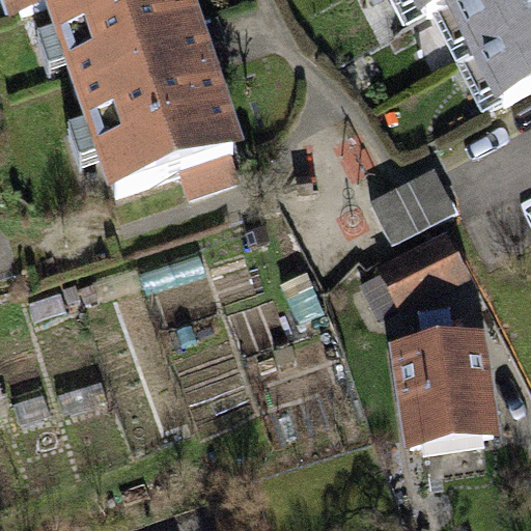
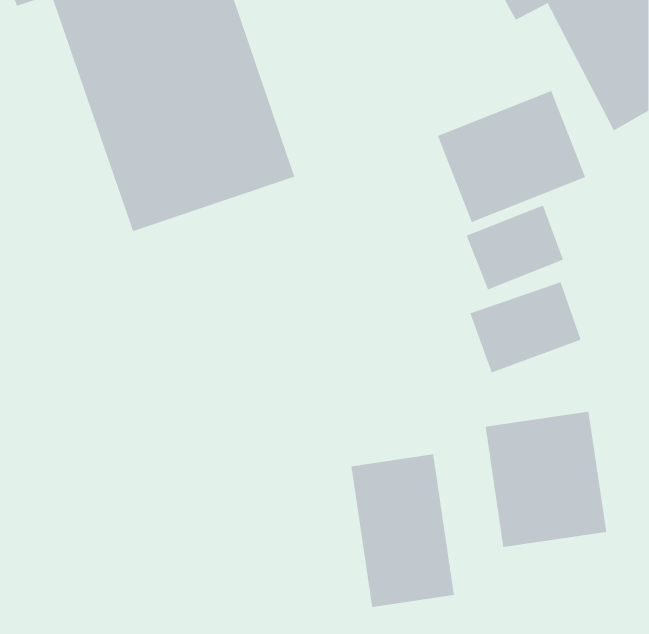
building: none -> [437,90,586,223]
building: none -> [351,454,454,608]

